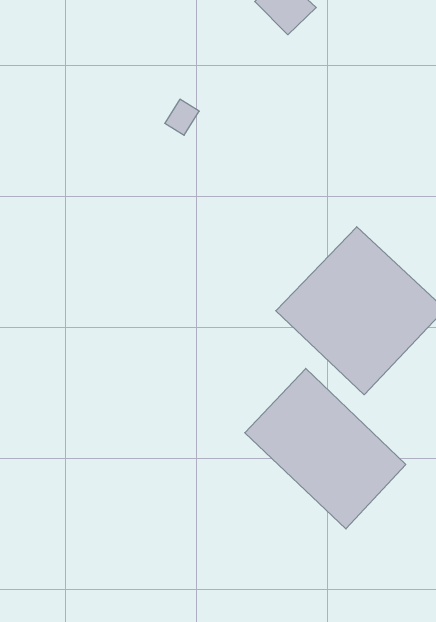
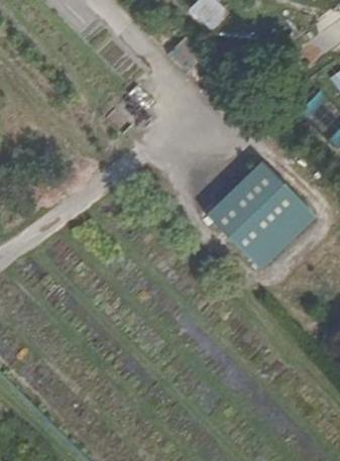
building: [245,368,406,529] -> none

